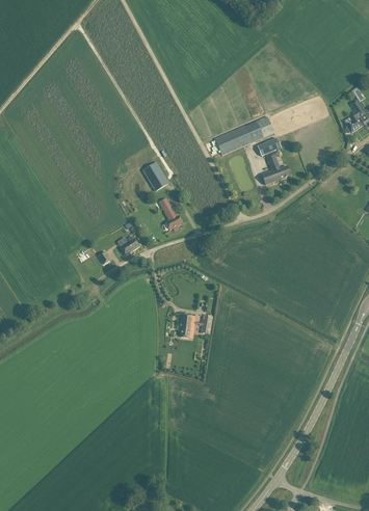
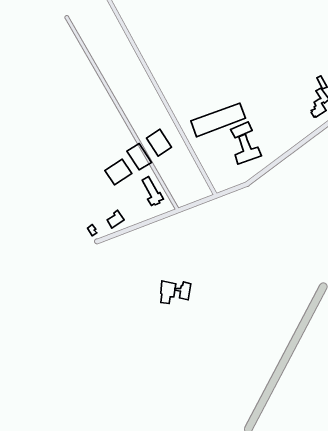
building: none -> [147,129,171,156]
building: none -> [105,159,132,185]

